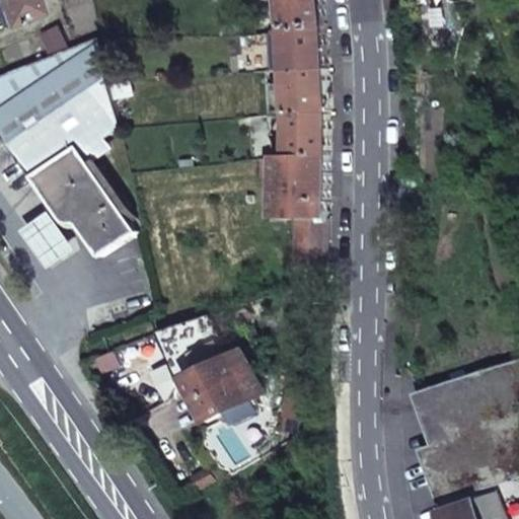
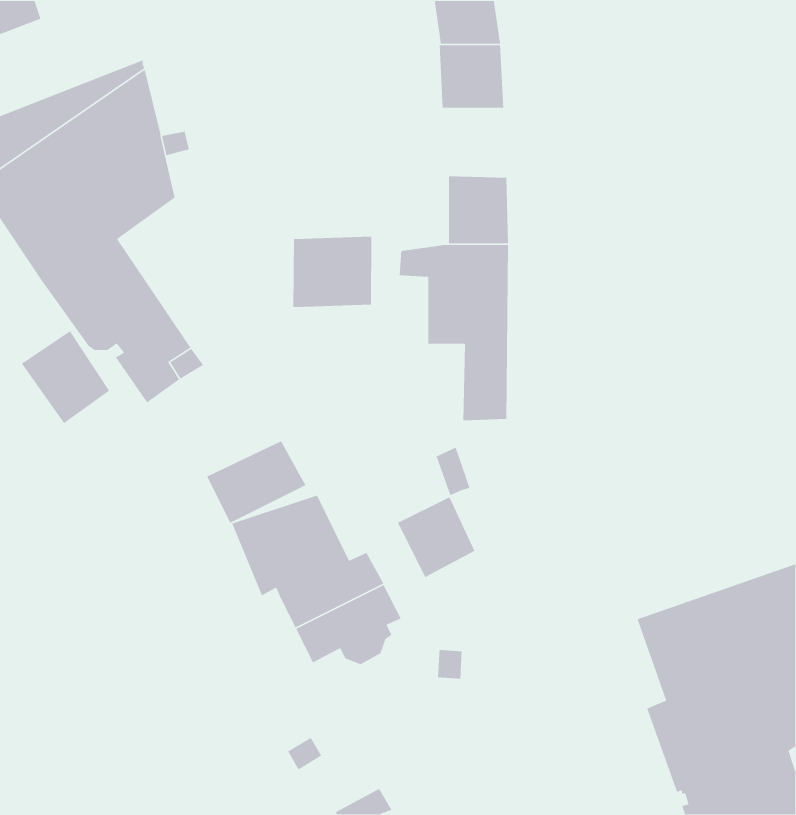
building: [281,69,322,113] -> none
building: none -> [293,236,372,308]
building: none -> [206,440,307,524]
building: none -> [397,496,476,578]

